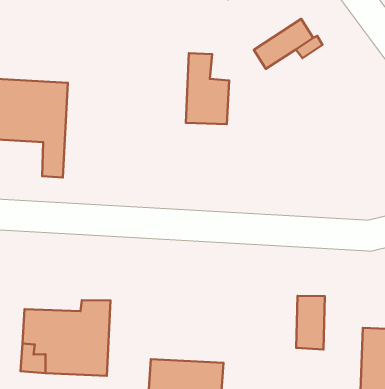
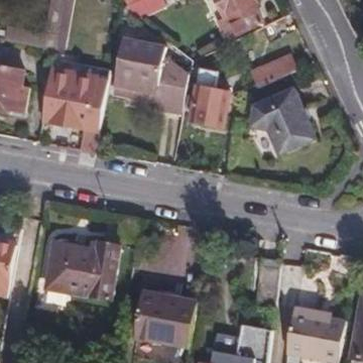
building: none -> [113,39,186,110]
building: none -> [250,88,314,155]

